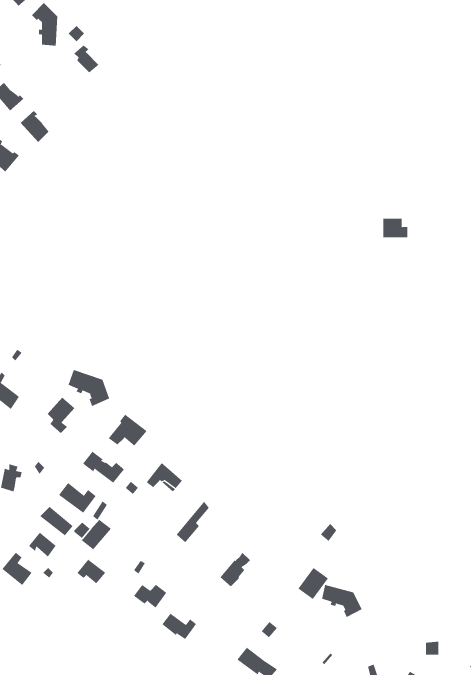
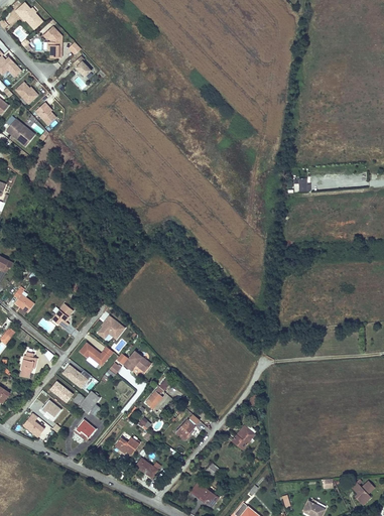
building: [68,369,110,407] -> none
building: [322,584,363,618] -> none

